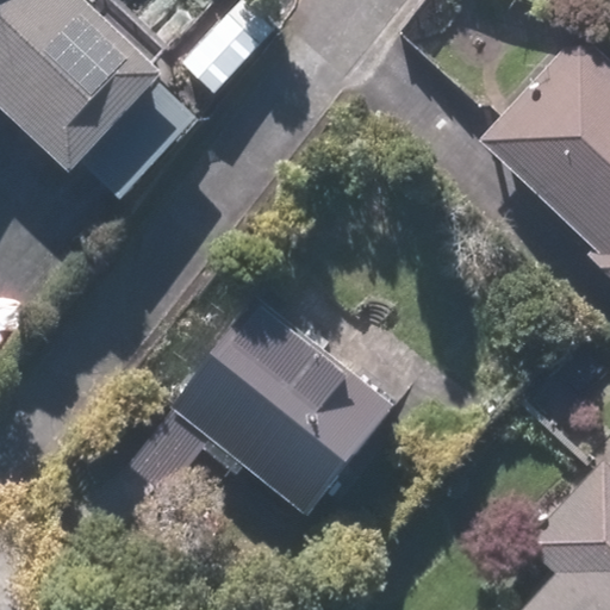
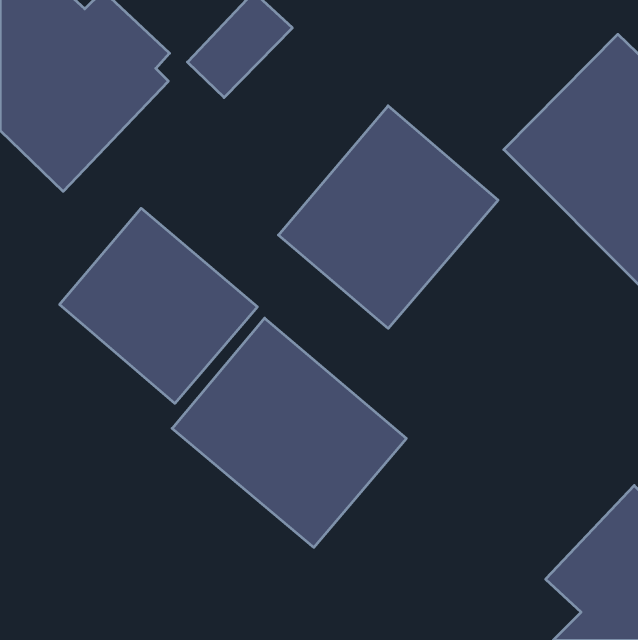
building: none -> [278,106,498,328]
building: none -> [60,208,257,403]

